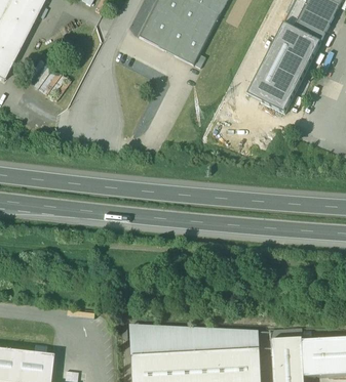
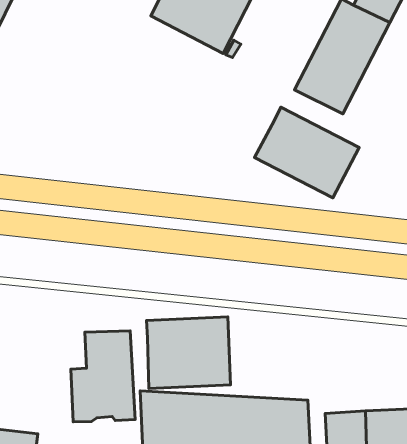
building: none -> [254,107,359,198]
building: none -> [146,317,230,388]
building: none -> [71,331,135,422]

